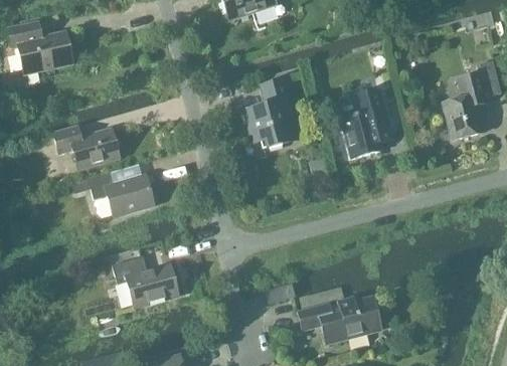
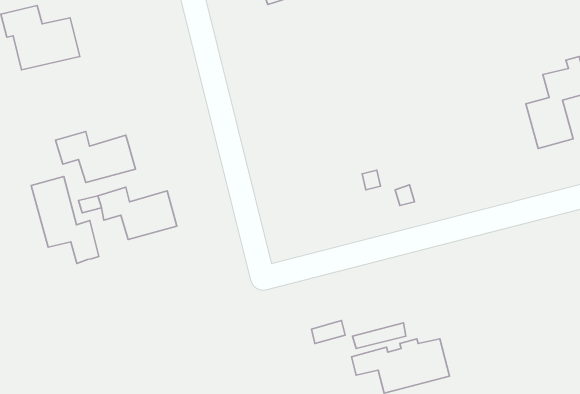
building: [244,76,299,147] -> none
building: [341,85,393,157] -> none
building: none -> [31,176,99,263]
building: [113,255,178,305] -> none

